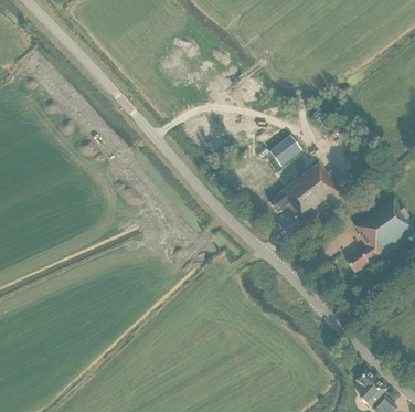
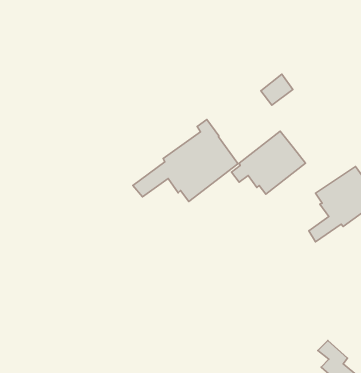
building: [269,135,301,166] -> [261,74,293,105]
building: none -> [133,119,238,202]

